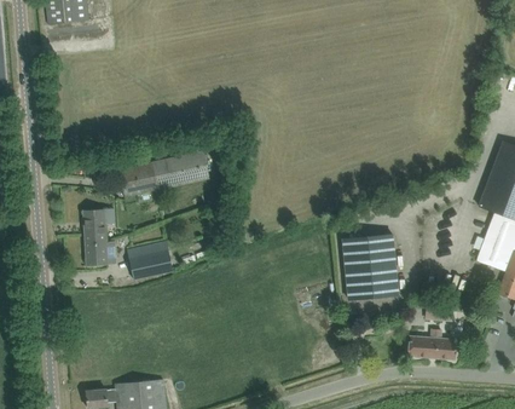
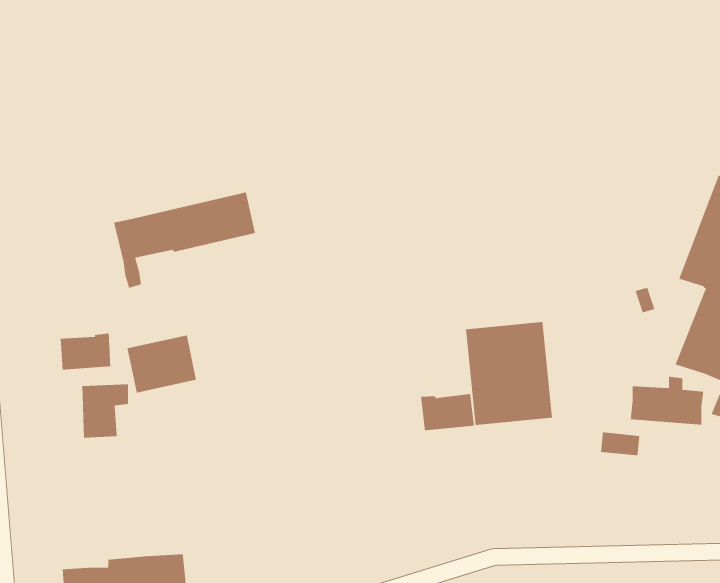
building: [83,208,114,243] -> [81,383,129,439]
building: none -> [420,393,475,431]
building: [409,327,456,358] -> [630,376,704,425]

